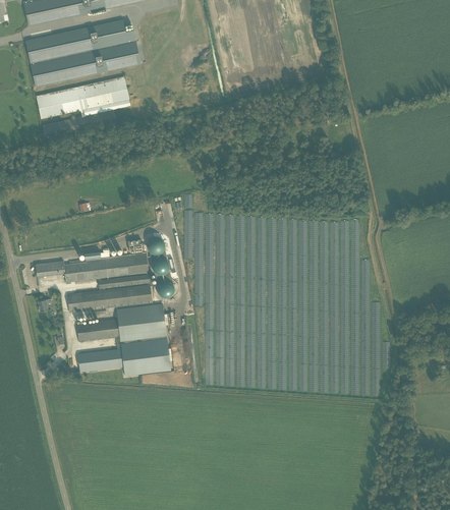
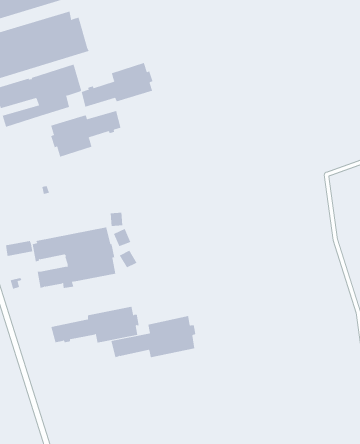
building: none -> [81,62,153,107]
building: none -> [50,110,121,158]
building: [75,302,167,344] -> [111,316,196,358]

